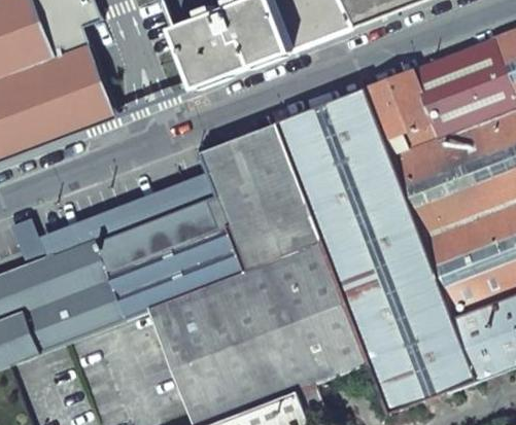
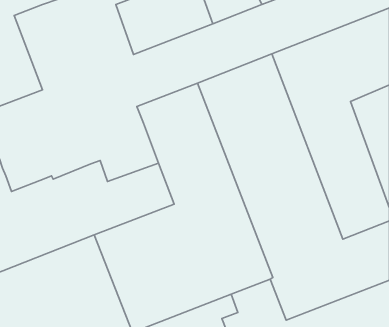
building: [48,26,118,131] -> none
building: [38,172,227,256] -> none

